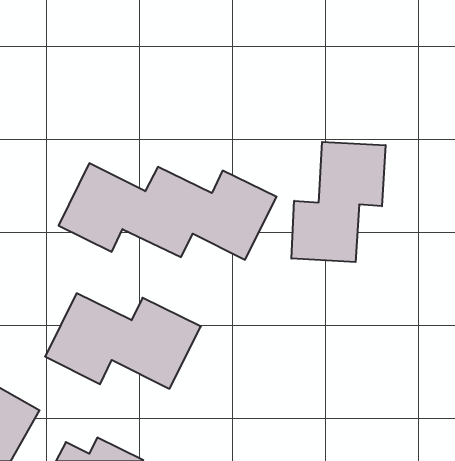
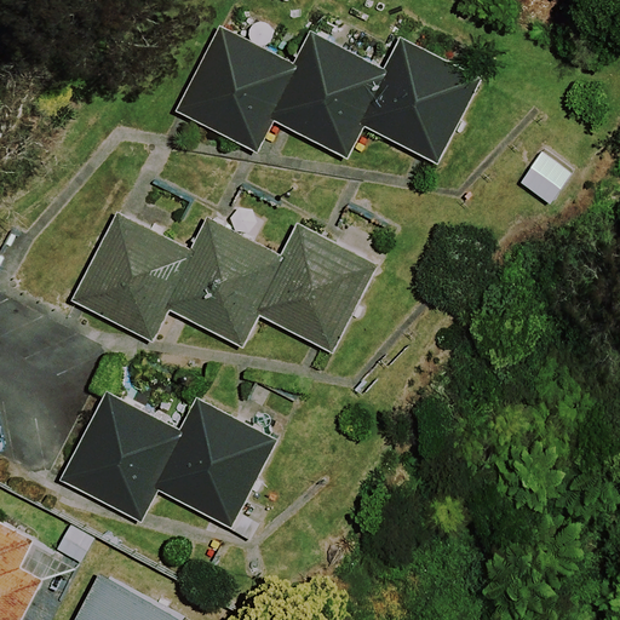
building: none -> [180,31,475,160]
building: [291,142,386,262] -> none

